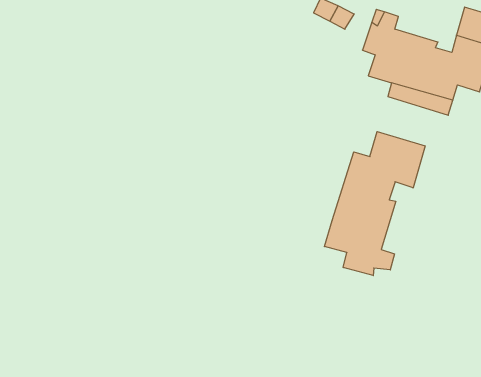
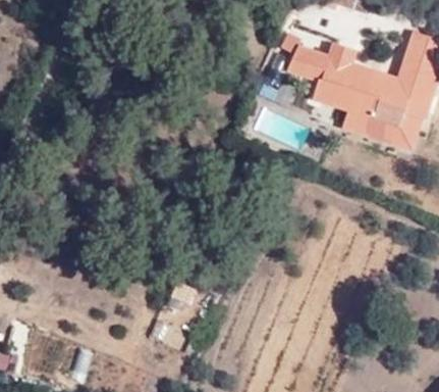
building: [324,132,425,276] -> none

